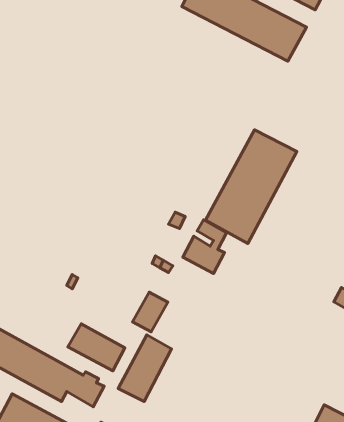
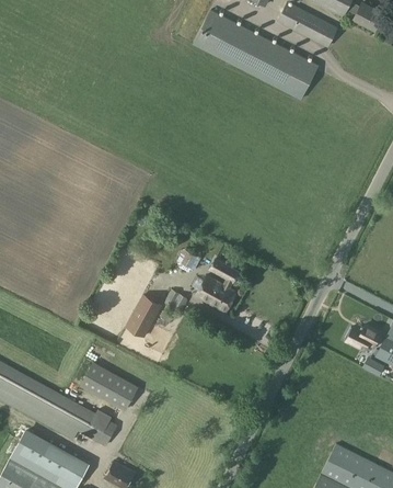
building: [205,130,297,243] -> none
building: [133,292,168,332] -> [127,295,162,334]
building: [118,335,172,401] -> none

